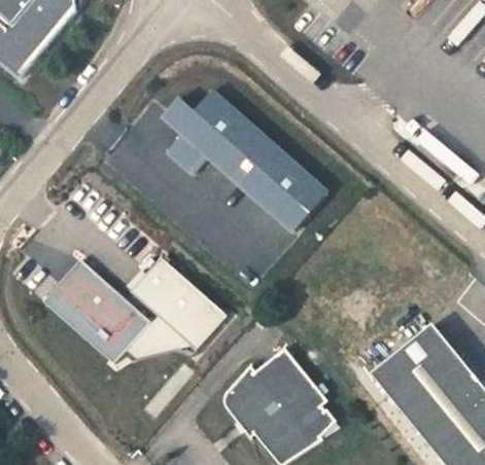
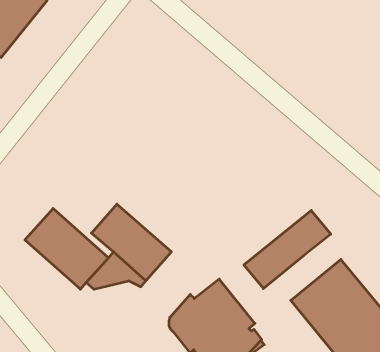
building: [165,90,326,231] -> none
building: none -> [244,210,331,289]

